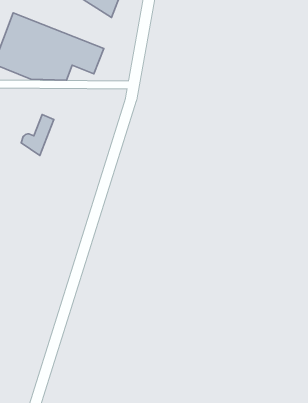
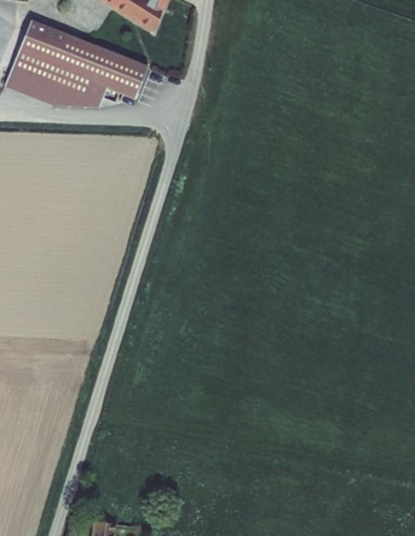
building: [21,114,54,155] -> none

